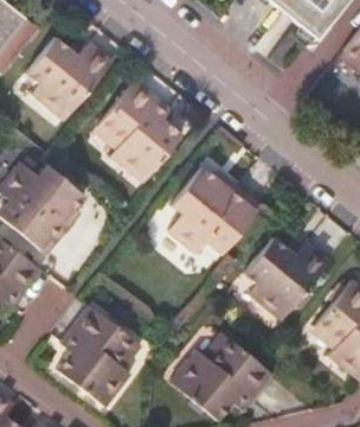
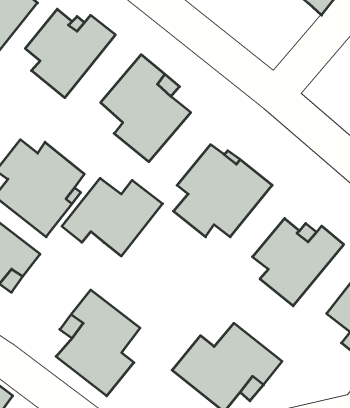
building: none -> [62,178,163,256]

